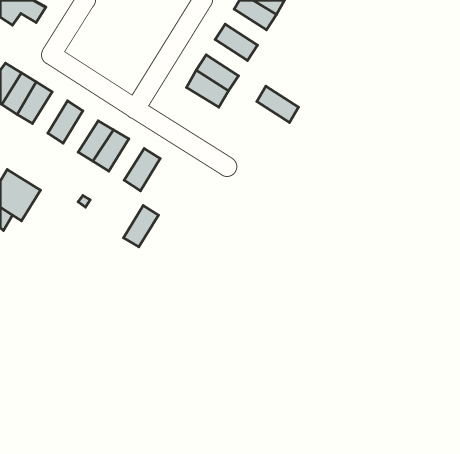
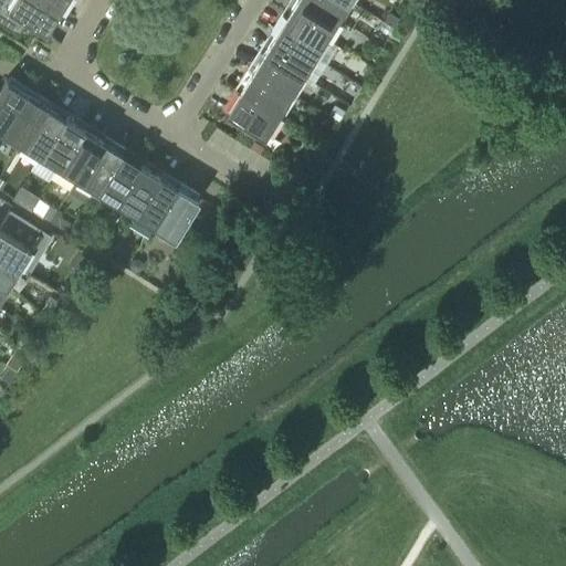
building: none -> [276,19,327,63]
building: [257,86,298,122] -> [253,56,304,101]
building: none -> [40,120,83,171]
building: none -> [77,144,120,195]
building: [124,205,159,247] -> [134,178,177,229]

